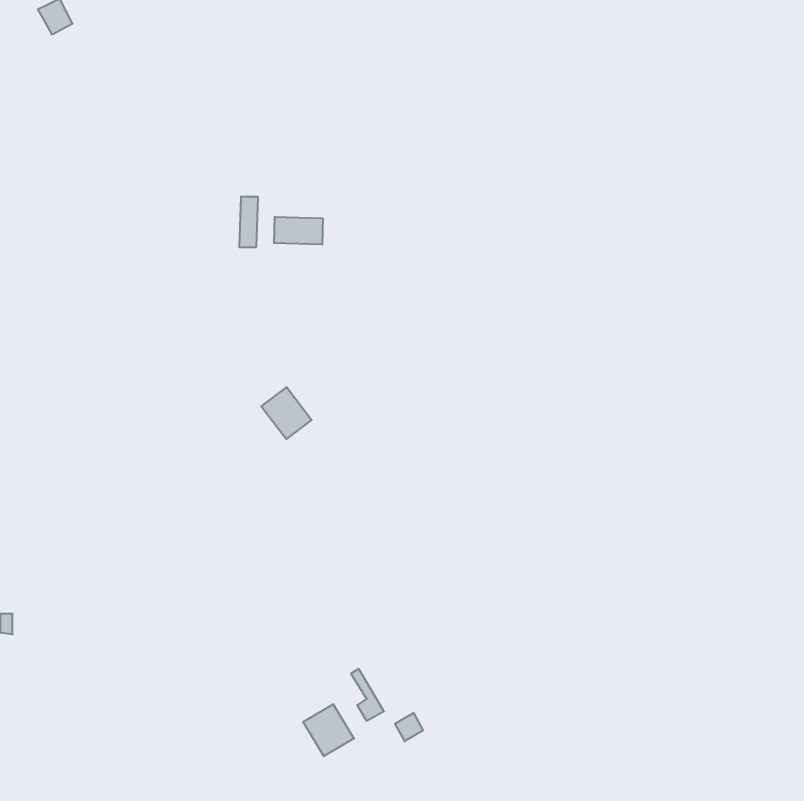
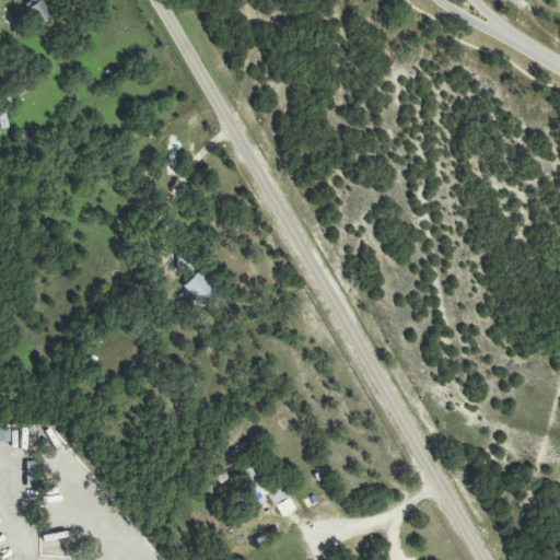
building: [274,217,323,245] -> none
building: [303,704,354,756] -> none

